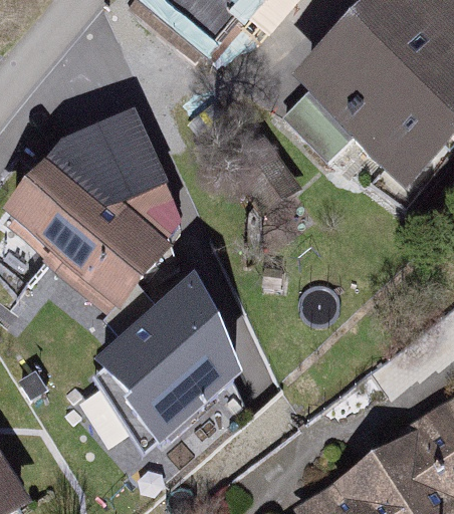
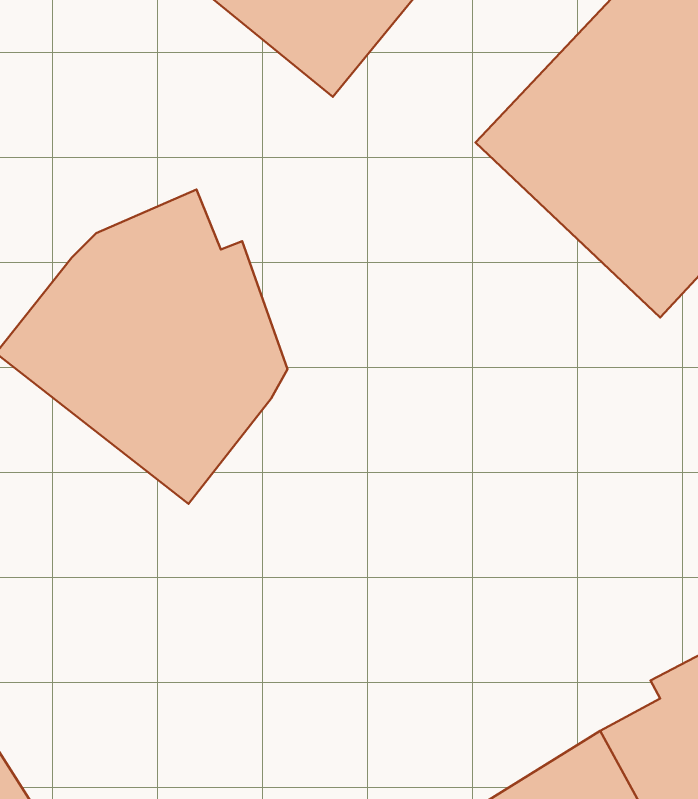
building: [86,280,239,456] -> none

